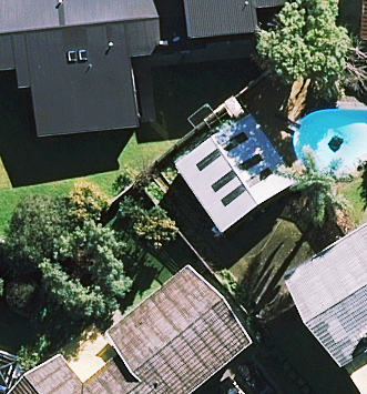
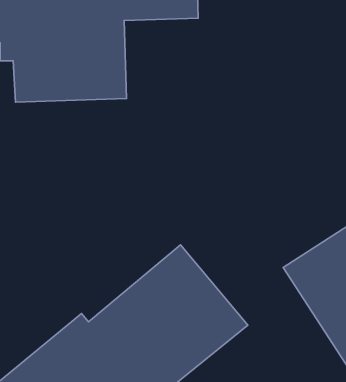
building: [175,111,296,229] -> none

